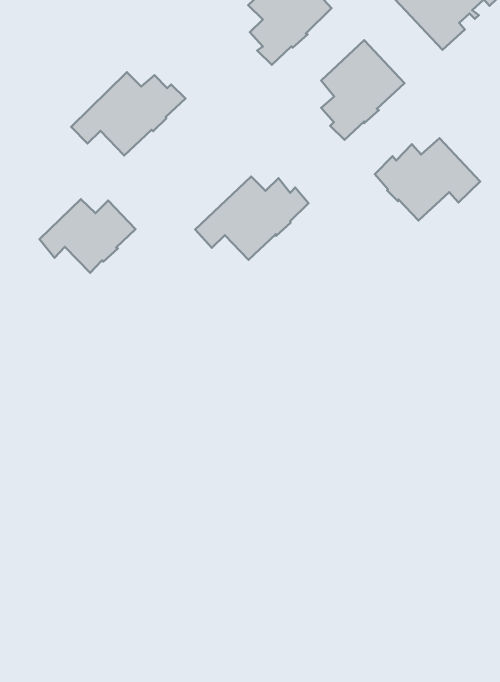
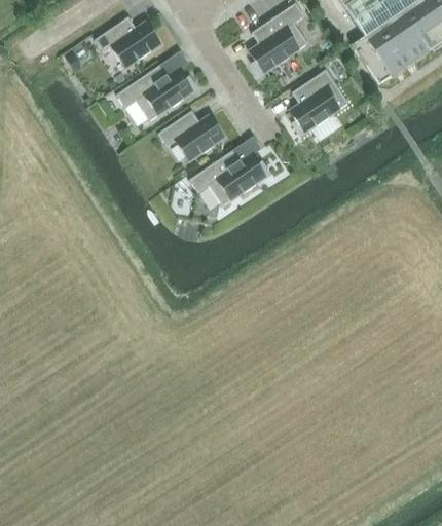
building: none -> [96,16,162,68]
building: [375,138,480,221] -> none
building: [39,199,136,273] -> [159,110,226,161]

